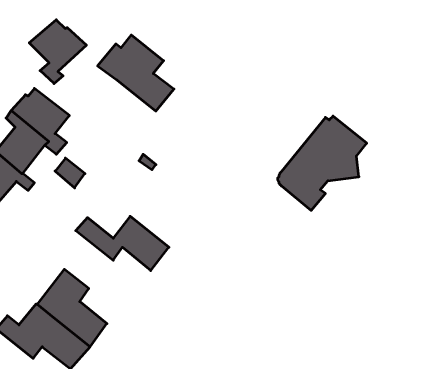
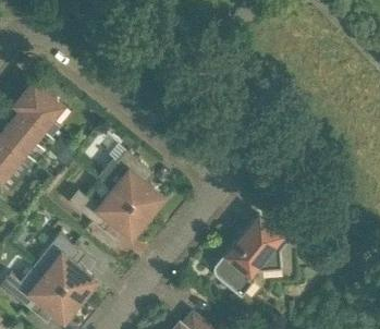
building: [29,20,86,84] -> none
building: [98,35,174,111] -> [97,153,161,217]
building: [278,116,367,210] -> [212,218,287,297]

